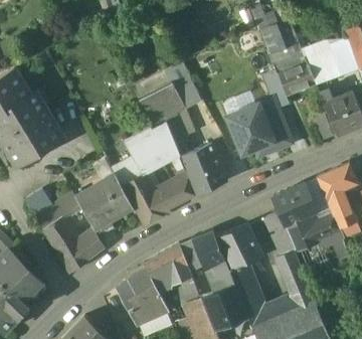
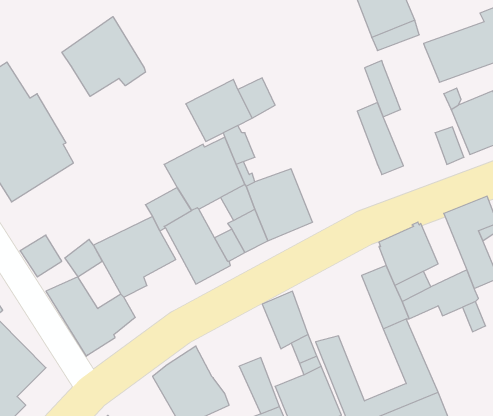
building: none -> [62,17,146,96]
building: [277,59,316,95] -> none
building: [228,104,273,153] -> none
building: [218,223,260,265] -> none
building: [144,243,191,290] -> none

